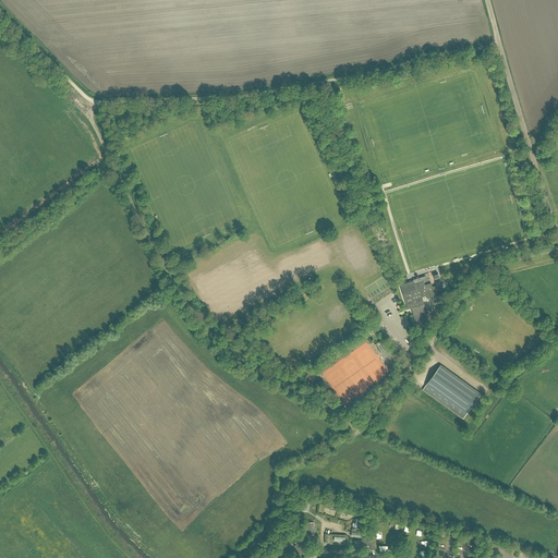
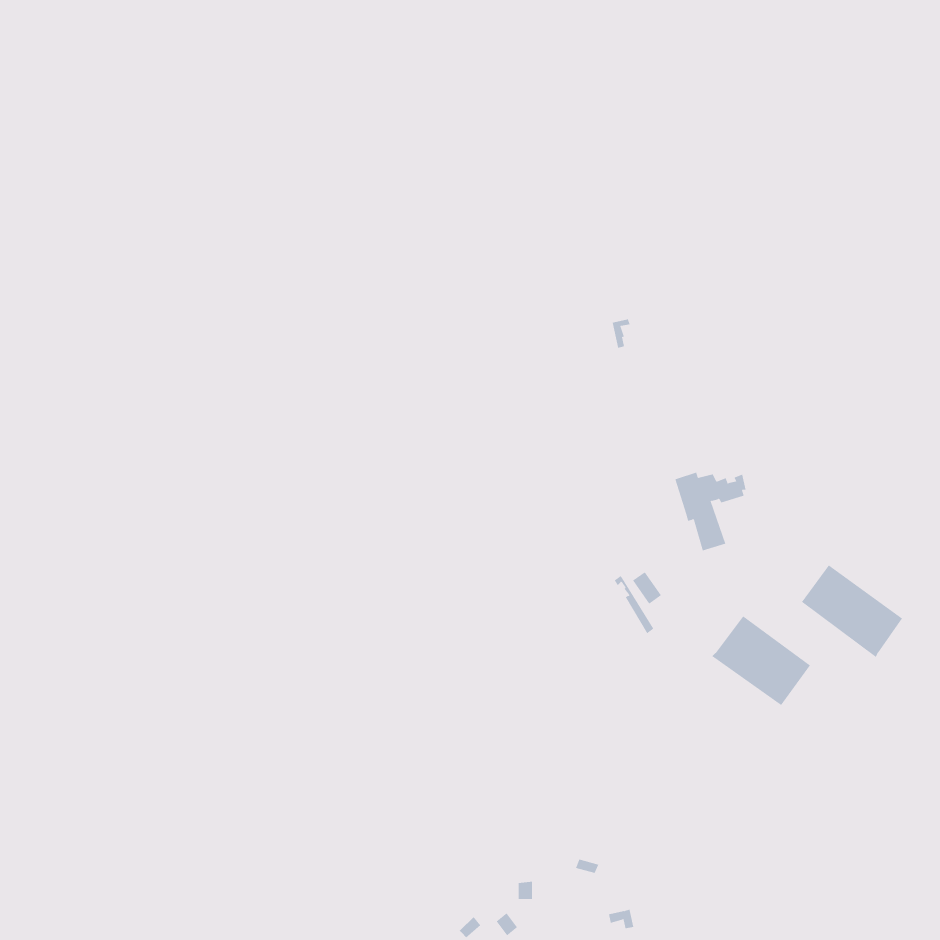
building: none -> [801,564,903,658]

